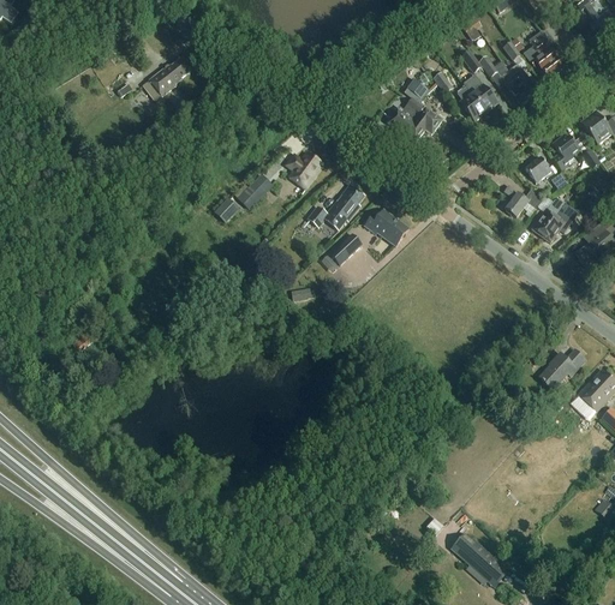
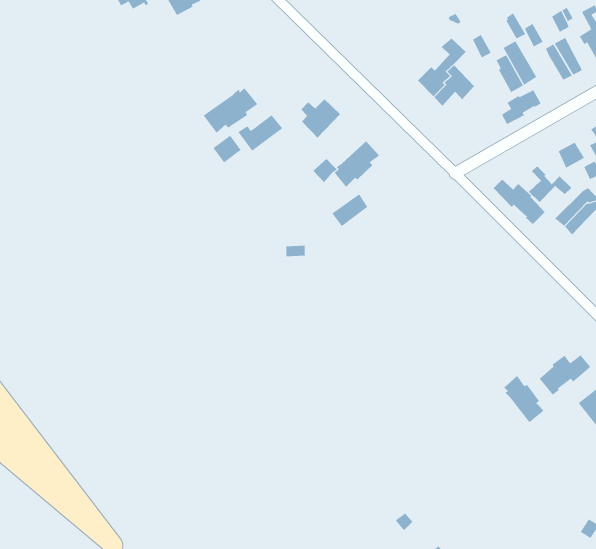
building: none -> [501,89,541,125]
building: none -> [203,88,258,134]
building: none -> [493,179,545,225]
building: [365,208,408,245] -> none
building: none -> [503,375,545,423]

